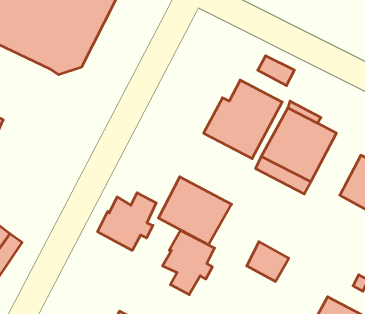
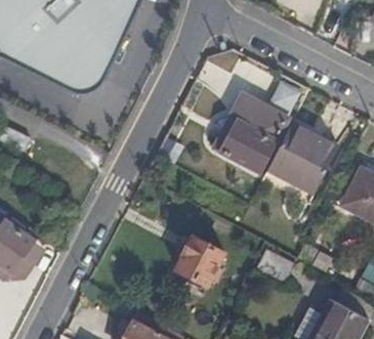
building: [158,177,232,245] -> none
building: [98,193,156,250] -> none

